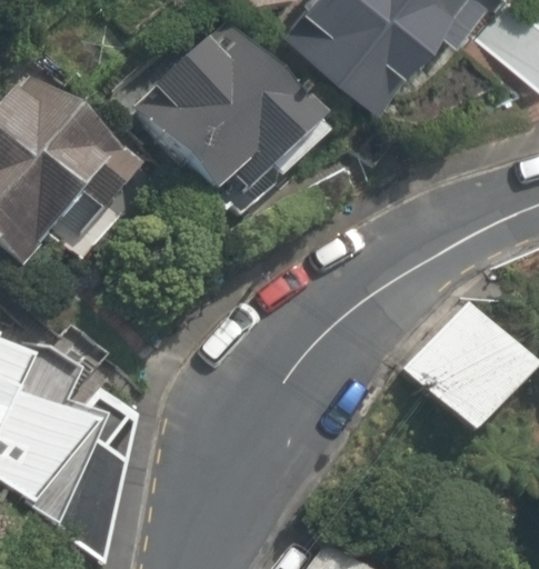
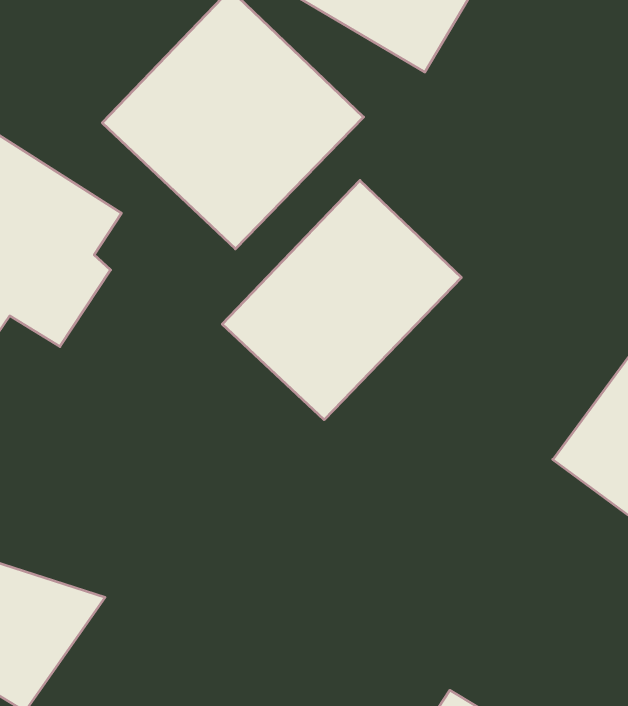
building: none -> [222,180,461,420]

